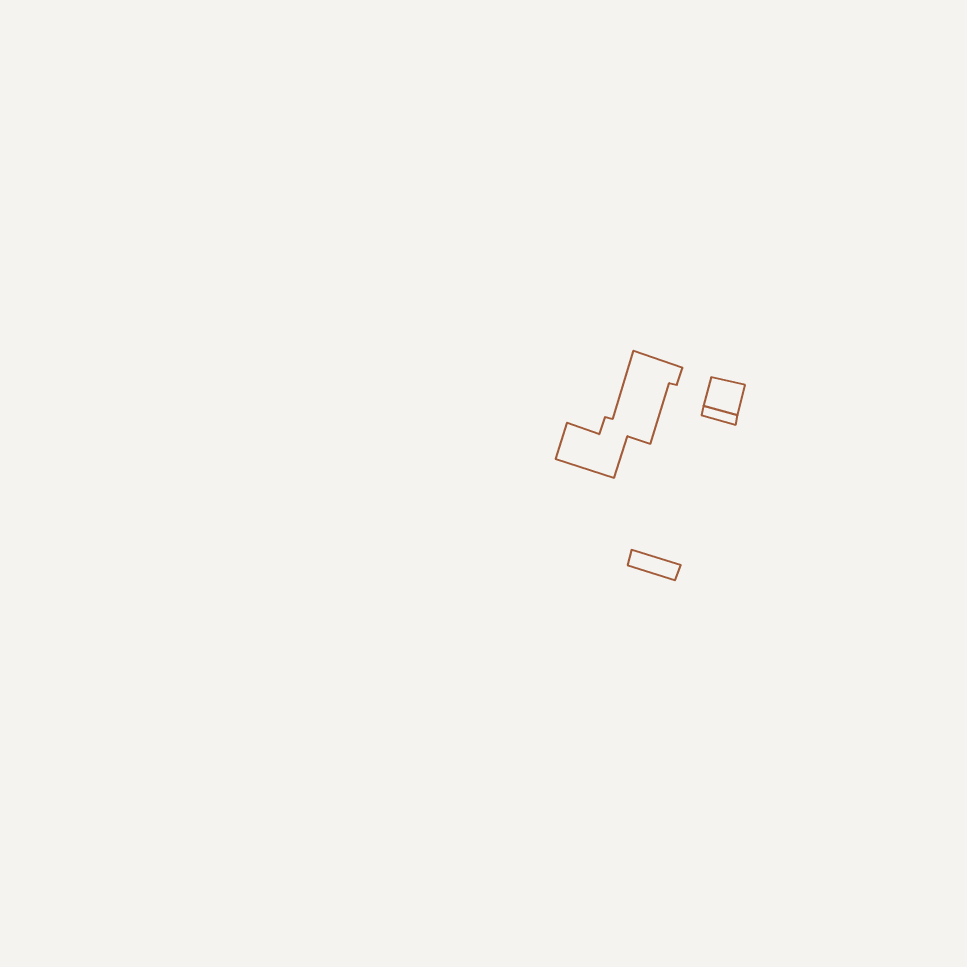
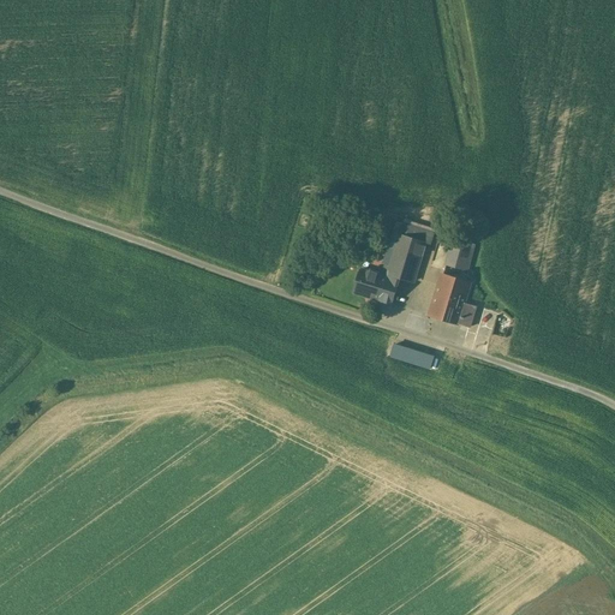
building: none -> [428,274,474,327]

